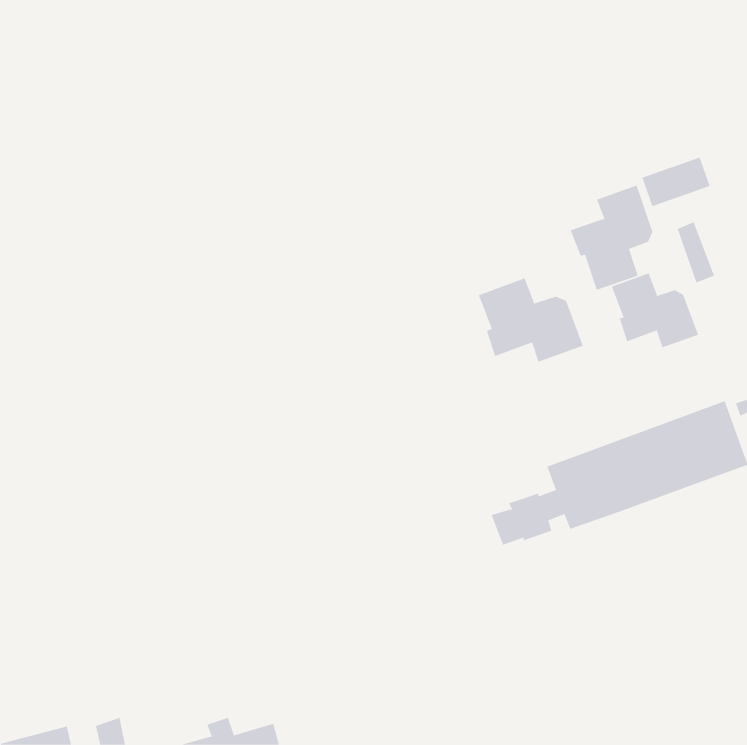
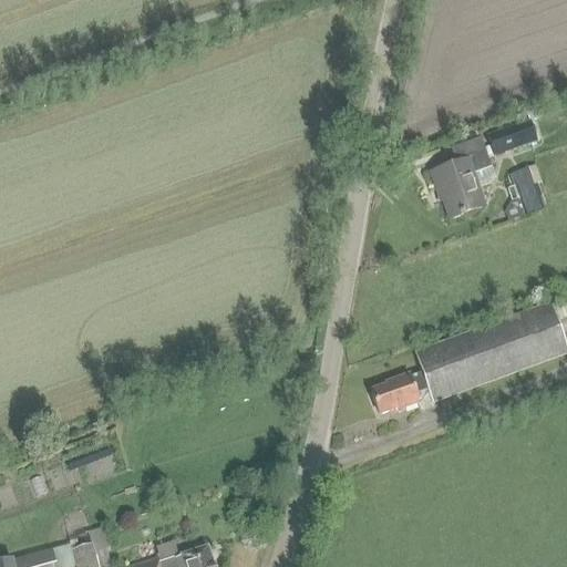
building: [611,272,699,348] -> none
building: [478,277,584,362] -> none

